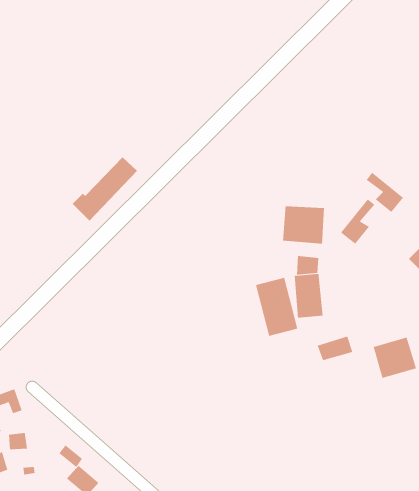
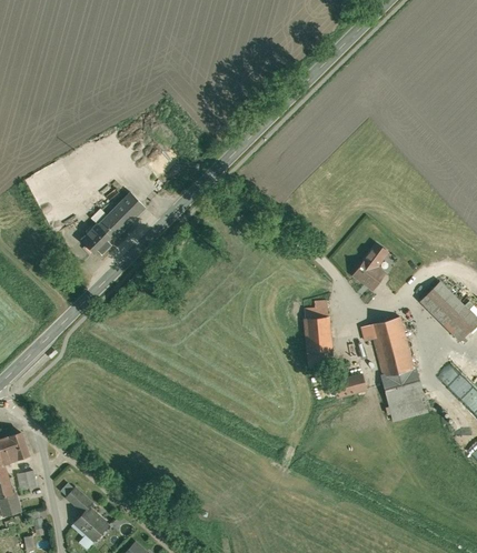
building: [366,172,404,213] -> none
building: [283,206,325,244] -> none
building: [255,277,298,336] -> [370,315,414,375]

